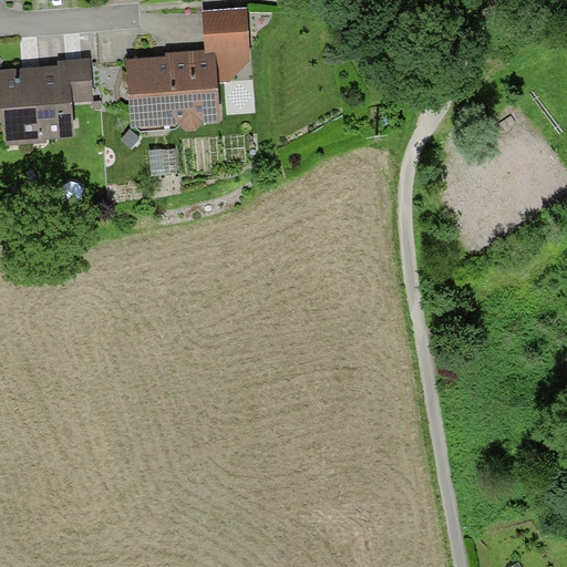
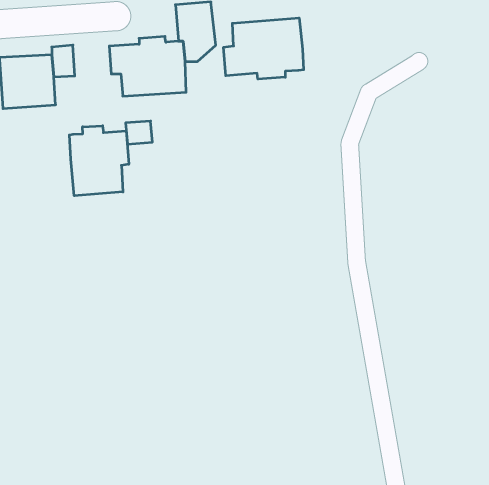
building: none -> [224,18,304,79]
building: none -> [69,126,129,196]

